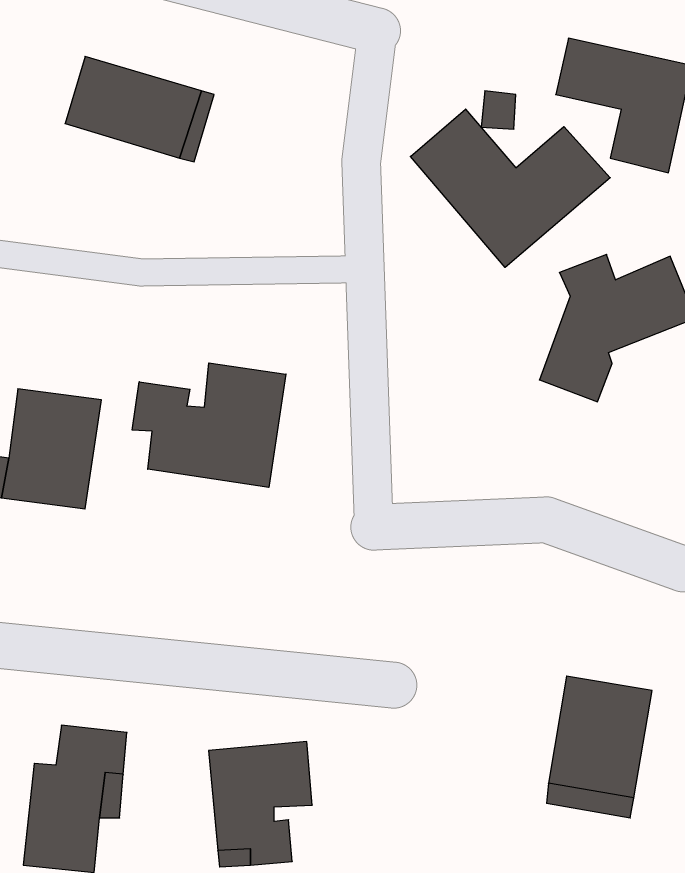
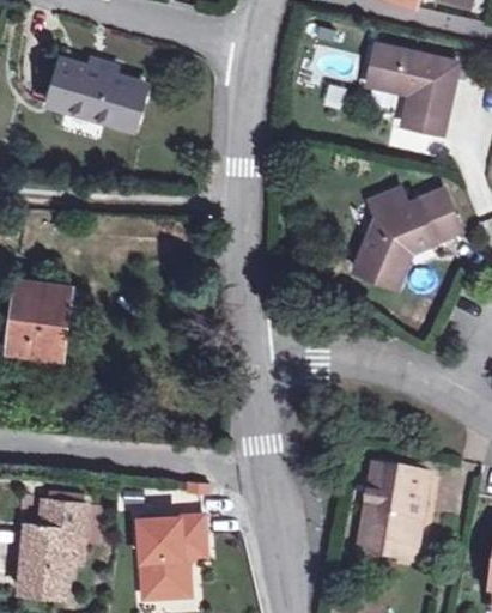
building: [410,109,610,267] -> none
building: [132,363,286,487] -> none

